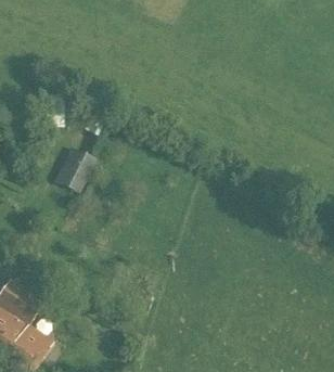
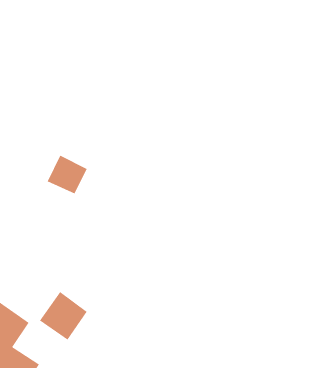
building: none -> [39,291,87,340]

